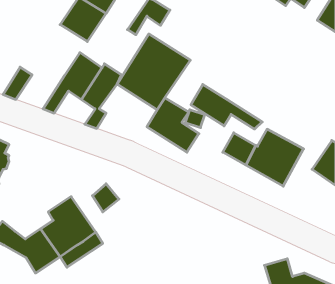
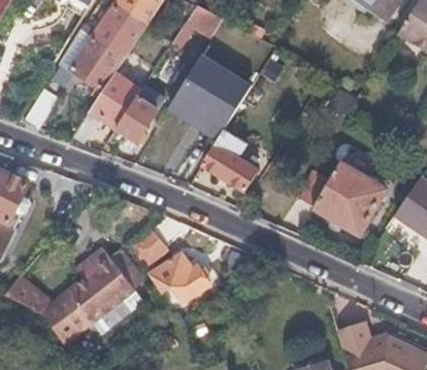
building: none -> [60,31,124,100]
building: [191,84,262,129] -> none
building: none -> [150,251,210,303]

